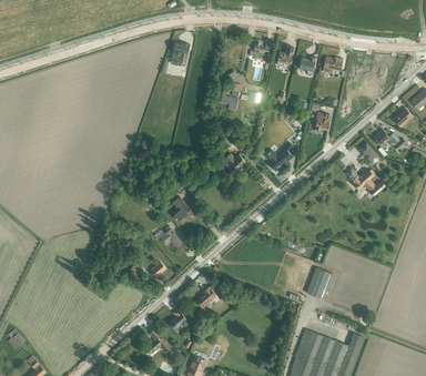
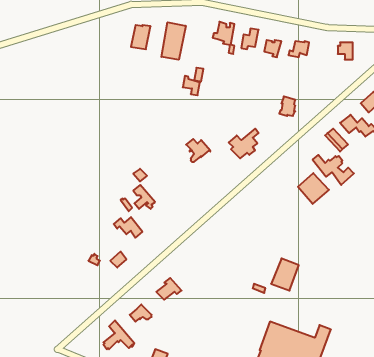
building: none -> [161,22,186,60]
building: none -> [298,173,329,204]

